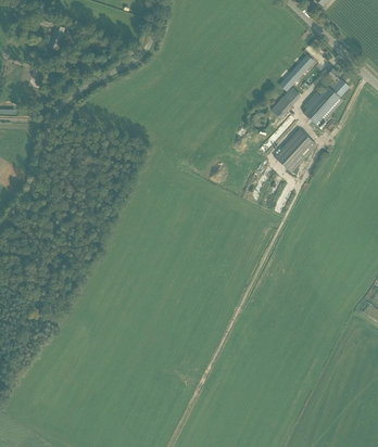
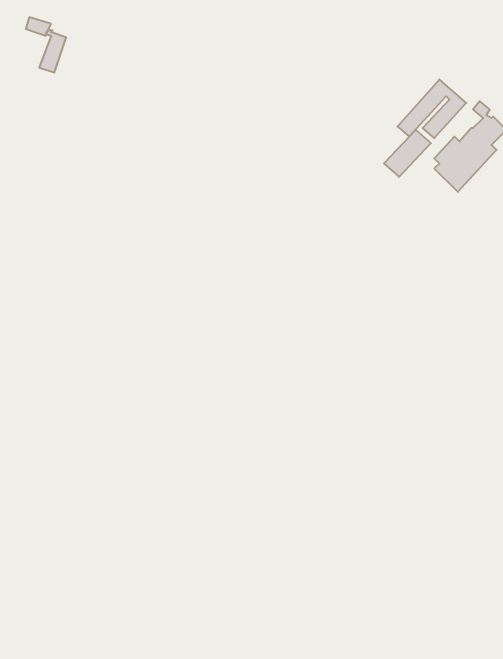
building: [273,129,315,173] -> none

